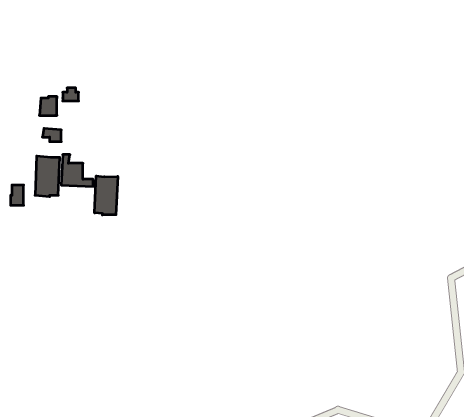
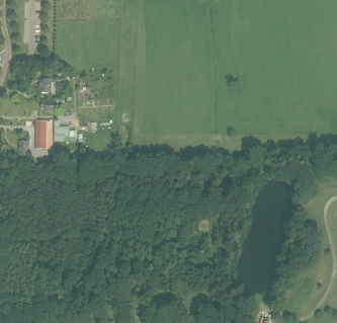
building: [95,176,118,215] -> none

